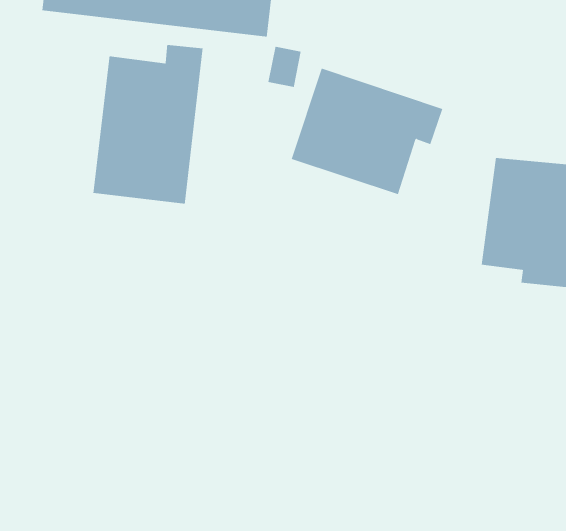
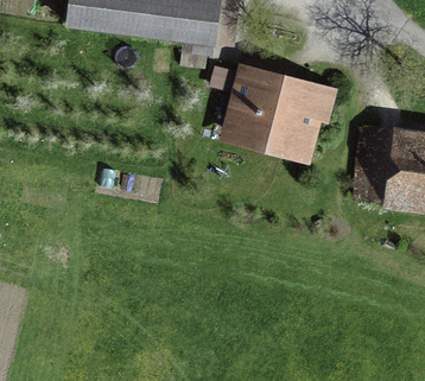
building: [93,44,203,204] -> none

